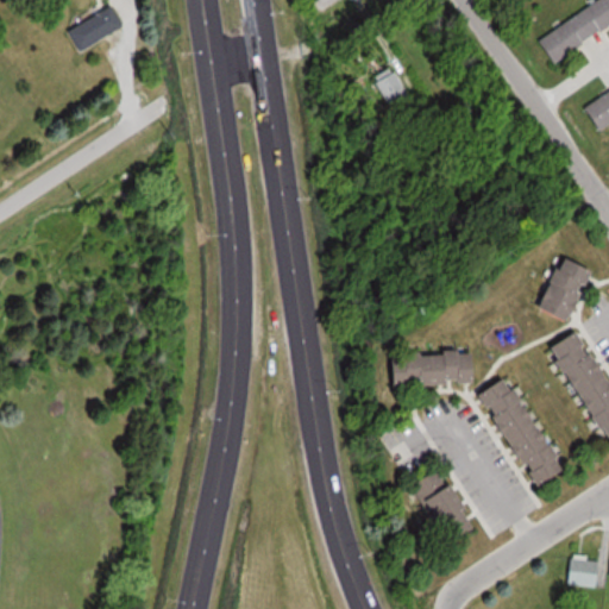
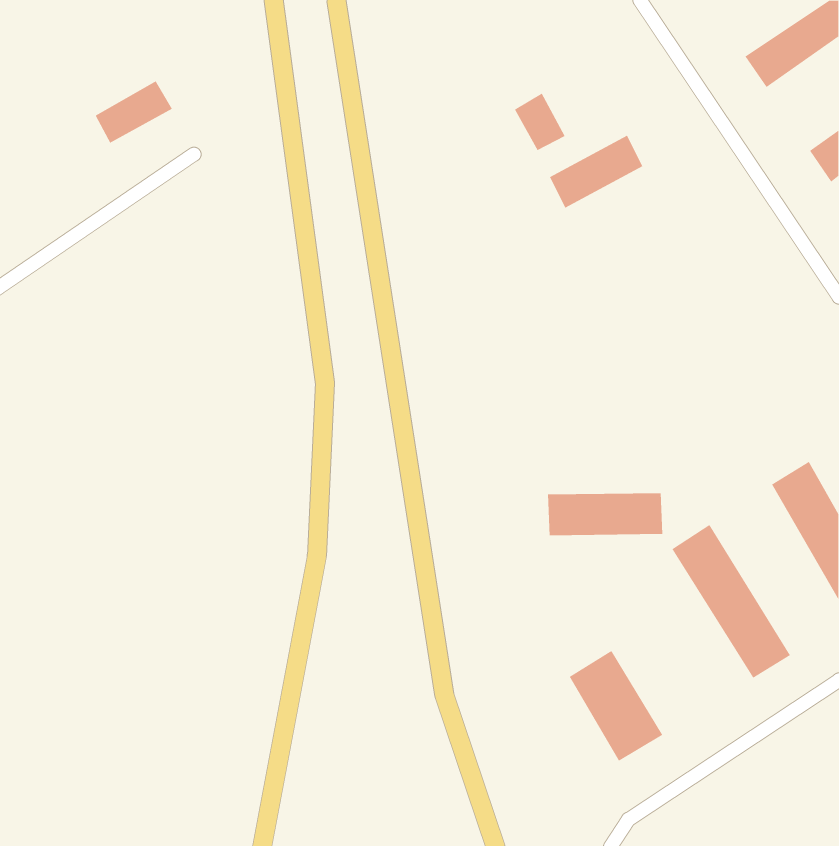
building: [65,7,121,52] -> [95,81,173,144]
building: none -> [549,135,643,208]
building: [541,258,592,321] -> none
building: [564,560,597,586] -> none

